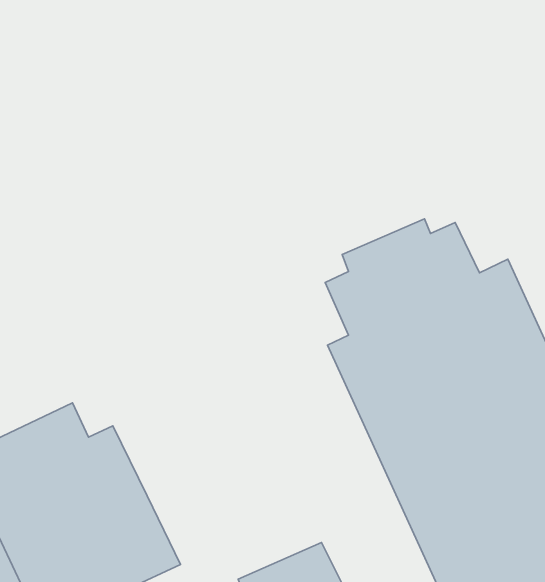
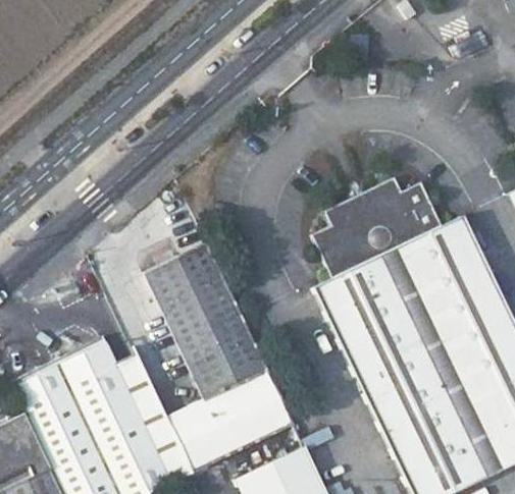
building: none -> [148,245,294,471]

